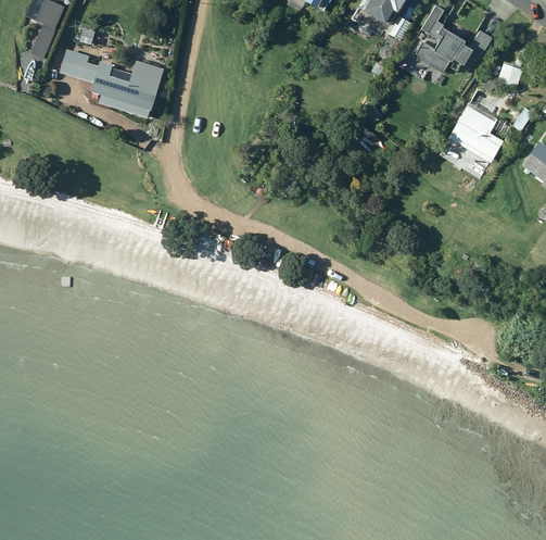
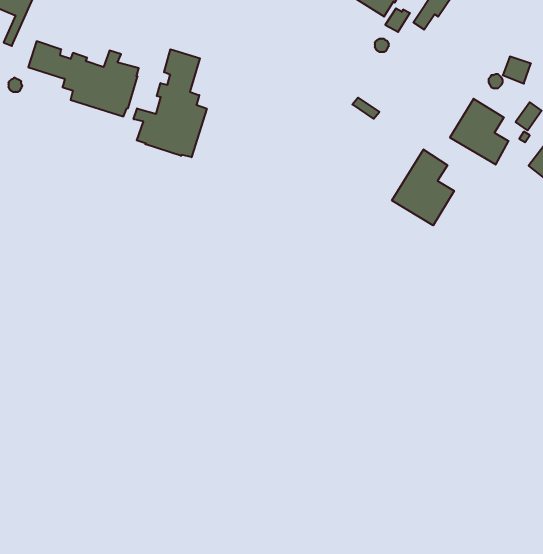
building: [414,27,494,71] -> none
building: none -> [134,49,207,157]
building: none -> [392,149,454,225]

